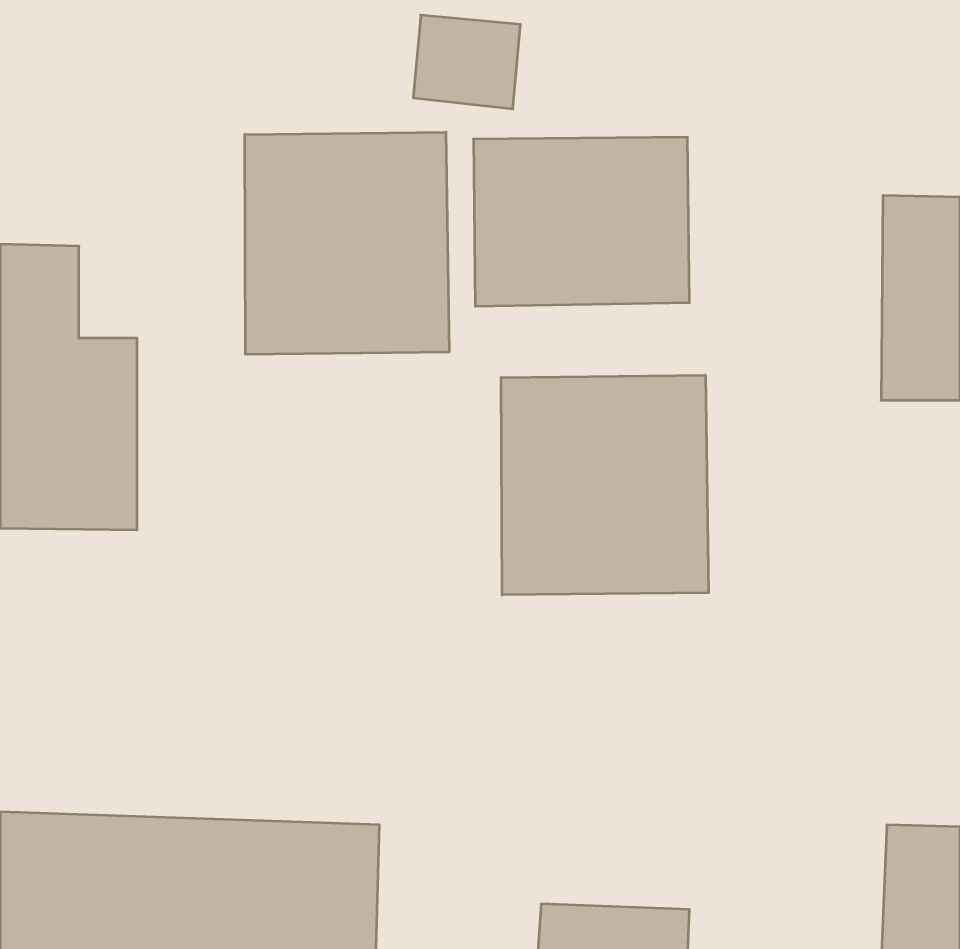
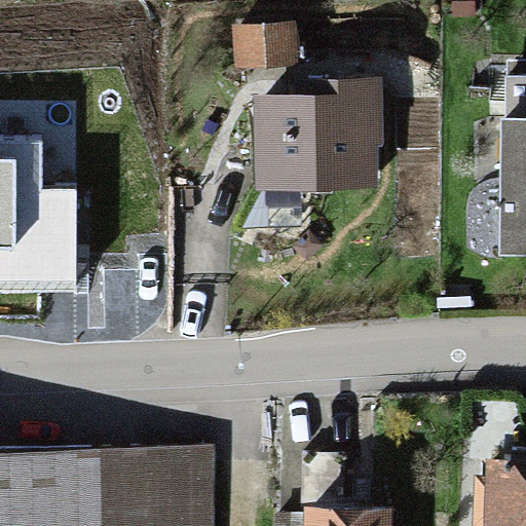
building: [245,132,449,354] -> none
building: [501,375,709,595] -> none

